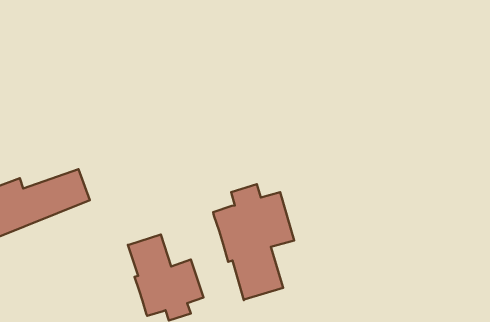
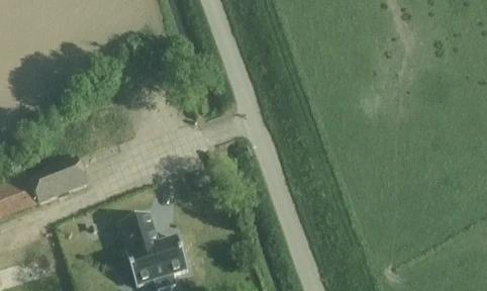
building: [213,184,294,300] -> none

